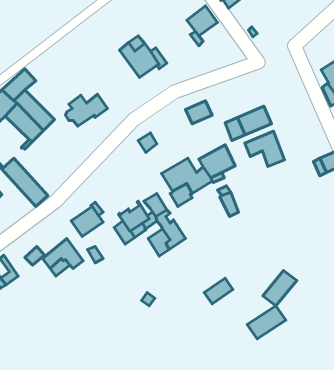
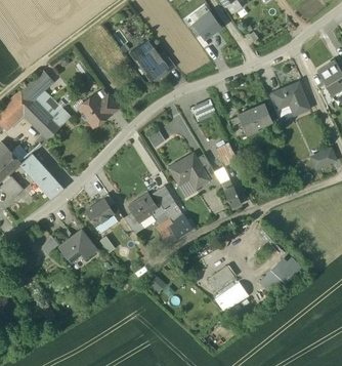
building: [245,131,284,166] -> [272,82,309,115]
building: [247,306,286,339] -> [214,281,250,312]

